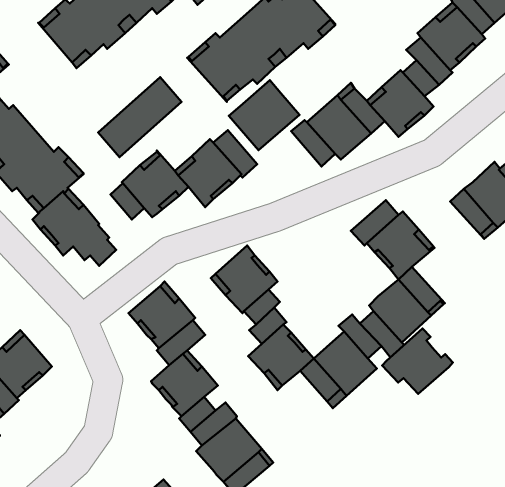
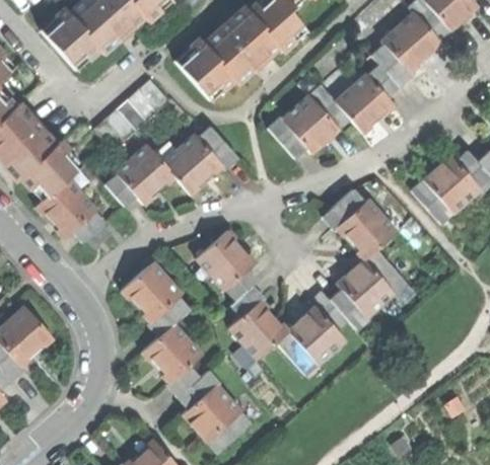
building: [229,80,300,150] -> none
building: [382,328,453,394] -> none

